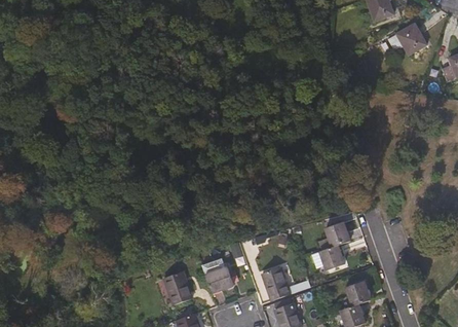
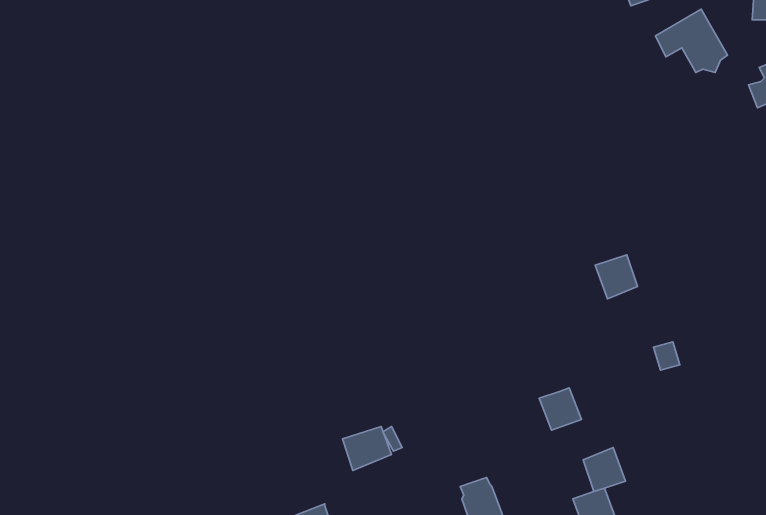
building: [326,221,350,247] -> [595,255,637,299]
building: [262,266,291,300] -> none
building: [164,271,192,304] -> none

